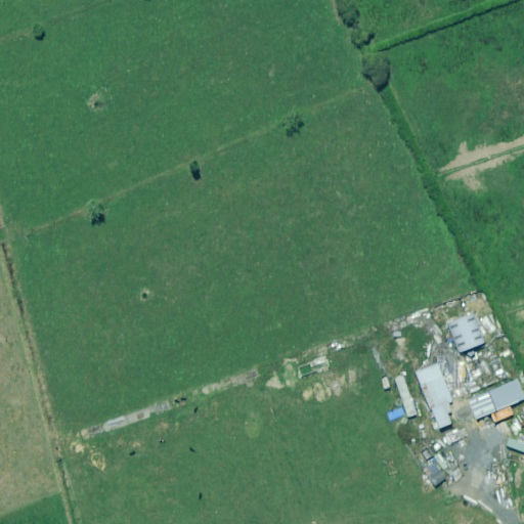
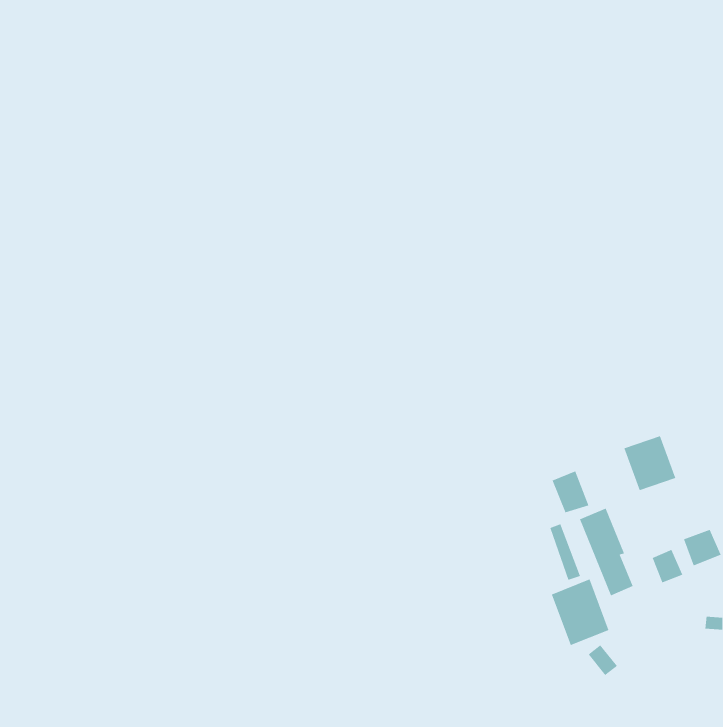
building: none -> [552,470,589,513]
building: none -> [551,579,609,646]

